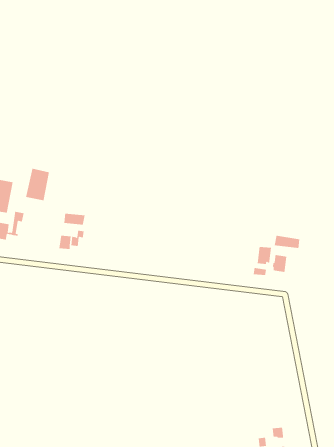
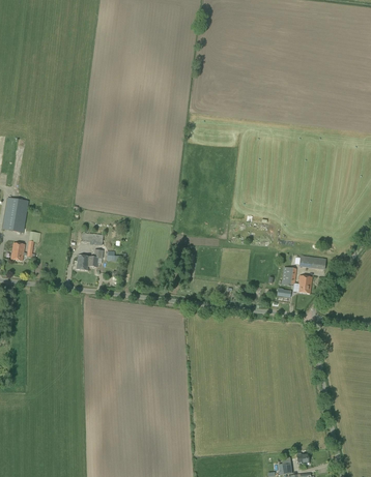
building: [25,168,49,201] -> none

